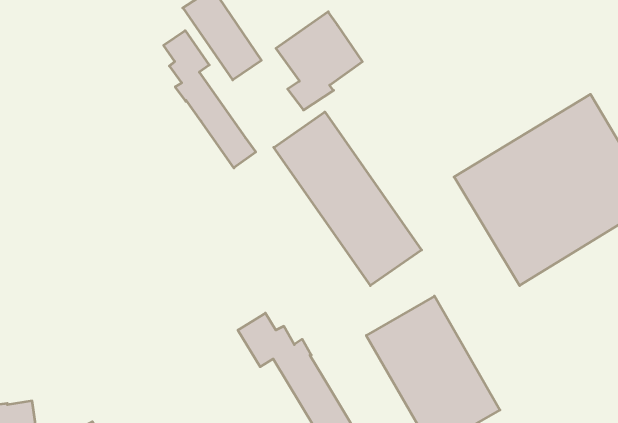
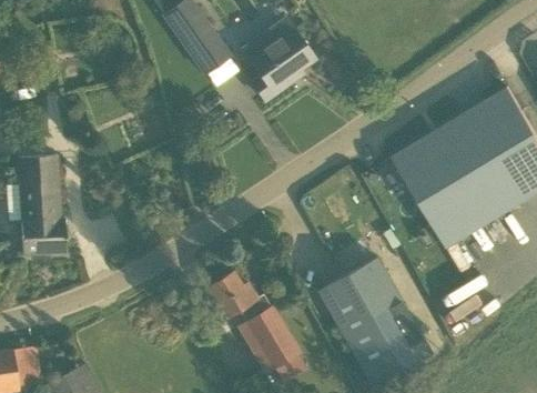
building: [164,31,256,168] -> none
building: [274,112,422,286] -> none
building: none -> [18,155,67,255]

